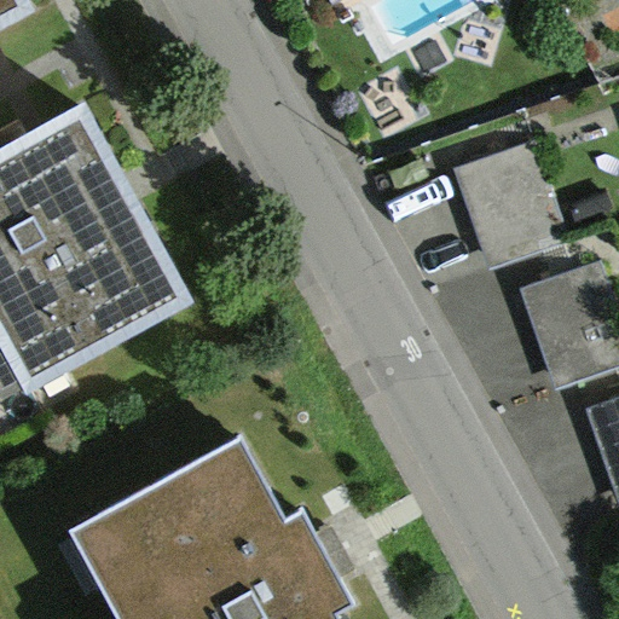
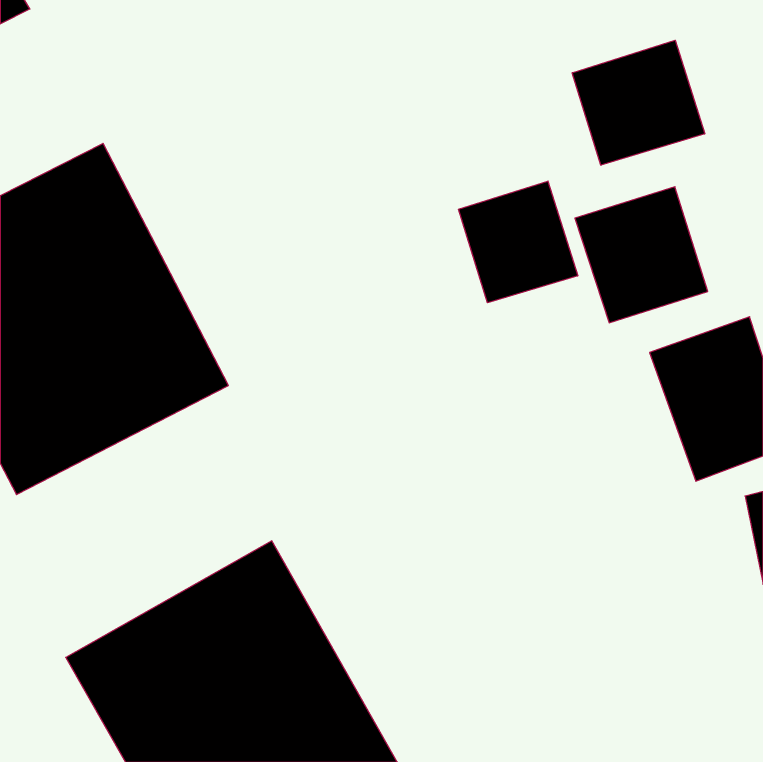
building: none -> [572,40,705,165]
building: none -> [459,181,578,303]

